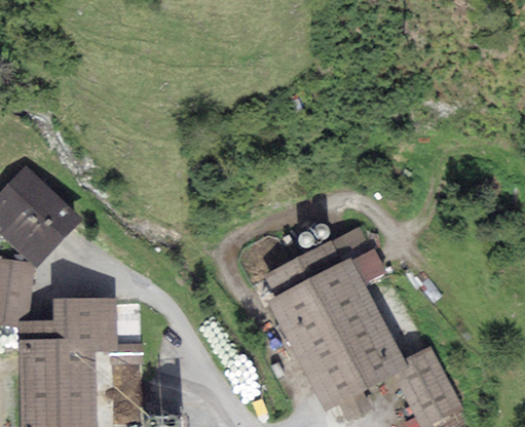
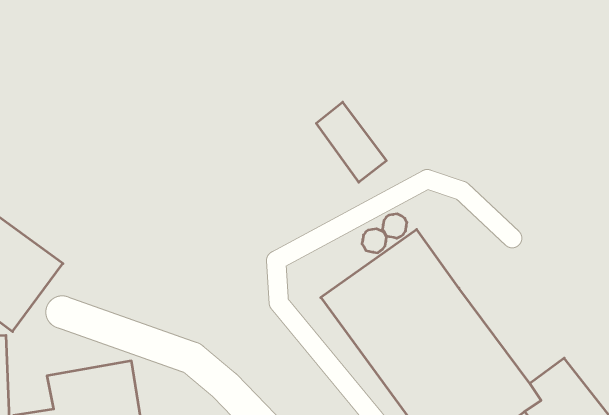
building: [337,225,383,284] -> [316,102,386,182]

